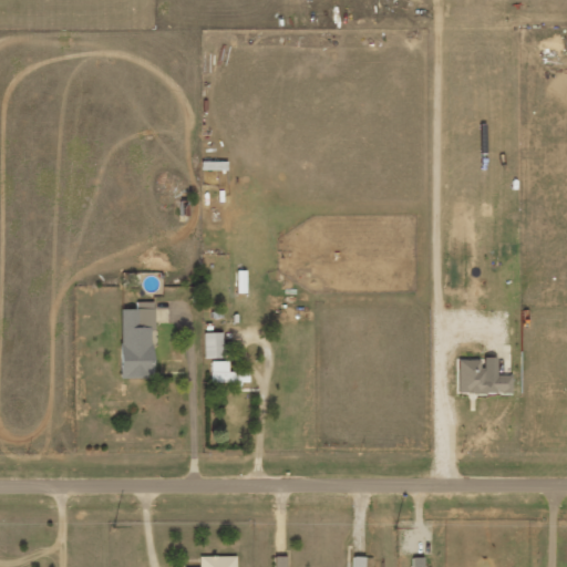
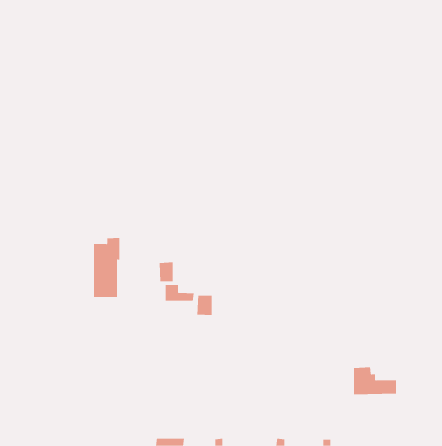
building: [460,359,515,394] -> [353,367,397,395]
building: none -> [197,295,212,316]

